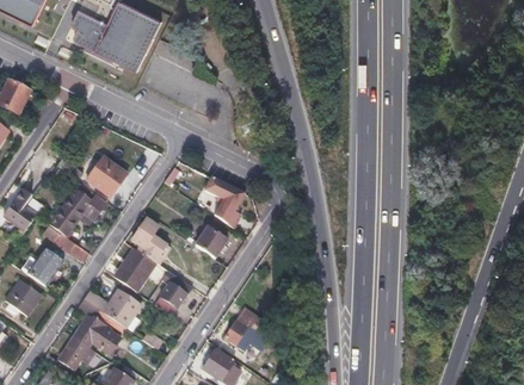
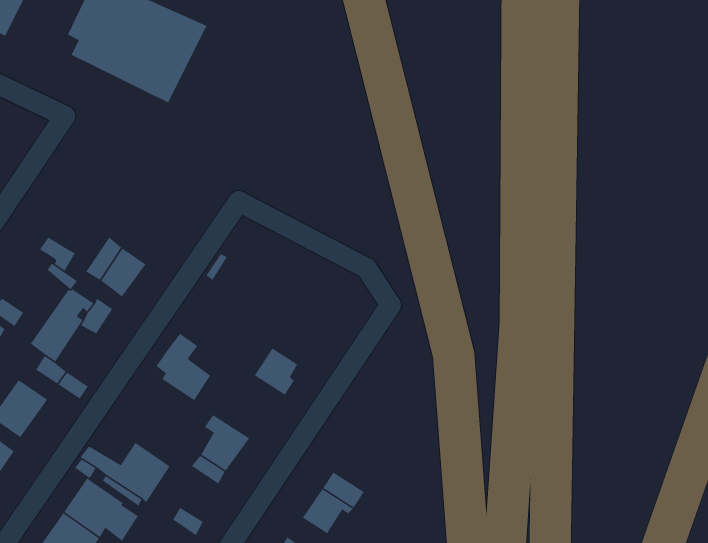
building: [205,176,243,228] -> none
building: [112,247,156,292] -> none

